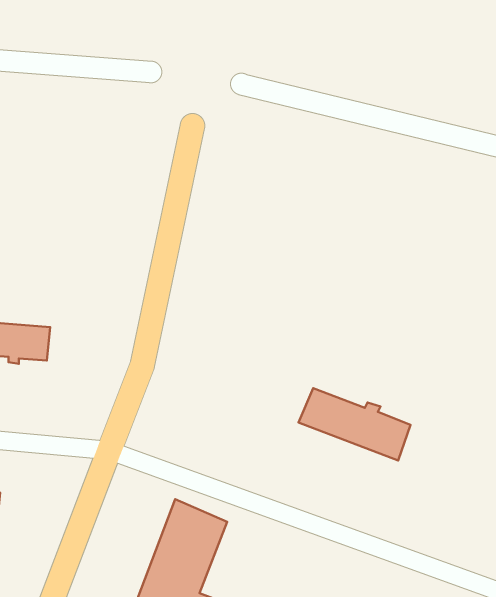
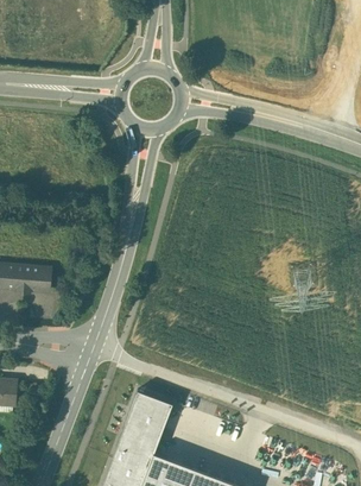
building: [299,388,411,460] -> none

